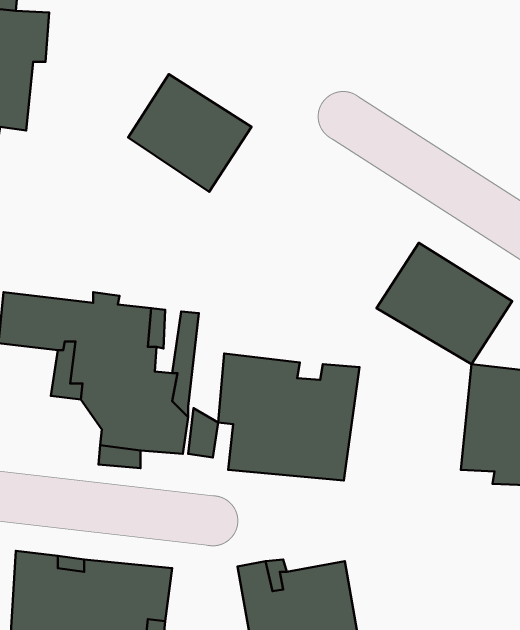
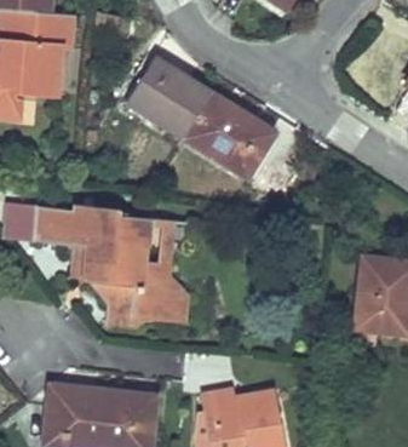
building: [376,243,512,364] -> [183,93,276,177]
building: [218,353,359,481] -> none

